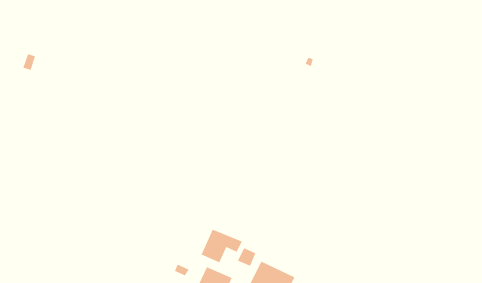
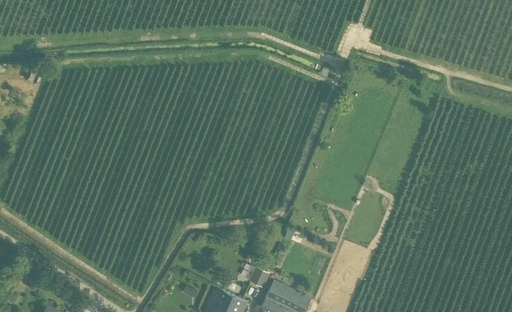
building: [201,229,242,263] -> none

